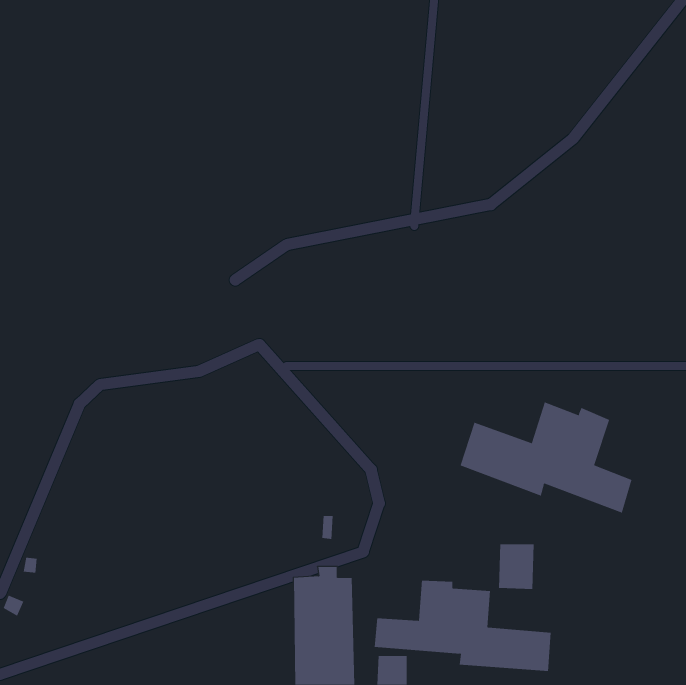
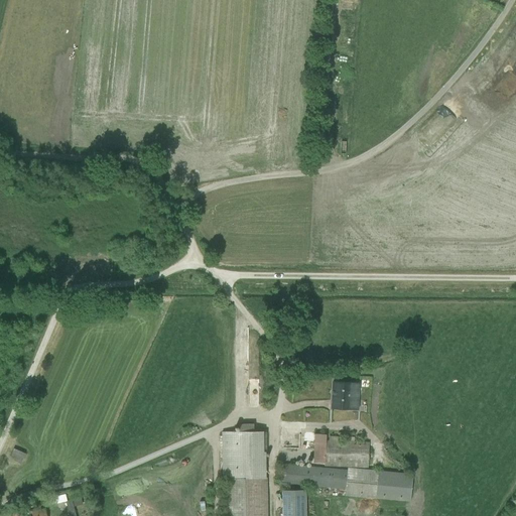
building: [460,402,632,513] -> none
building: [498,544,534,590] -> [333,376,360,410]

